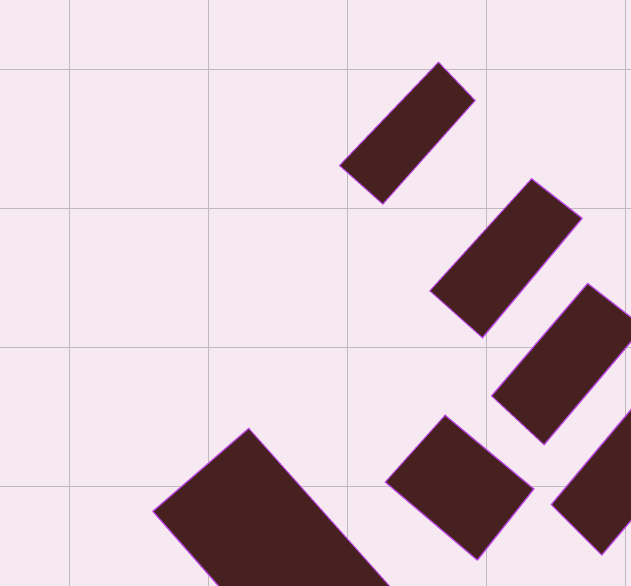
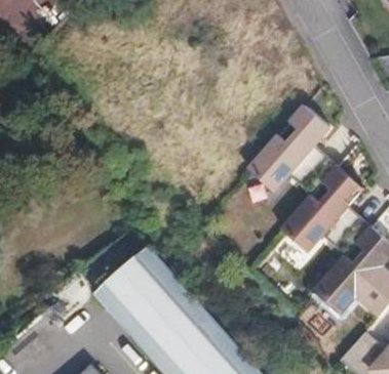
building: [340,62,475,204] -> none
building: [385,415,534,560] -> none

